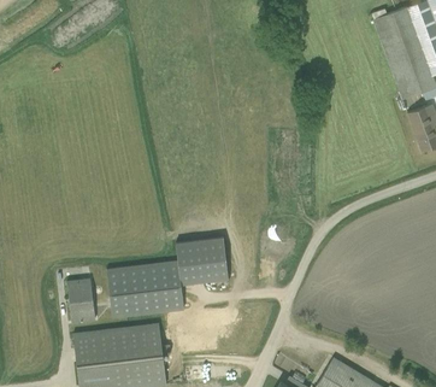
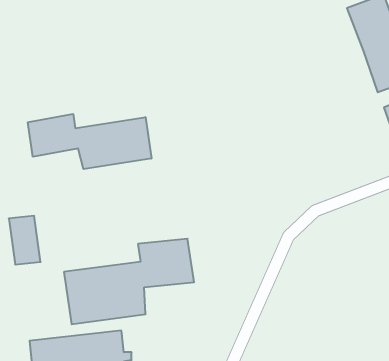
building: none -> [28,114,151,169]
building: [65,277,95,323] -> [9,216,41,264]

